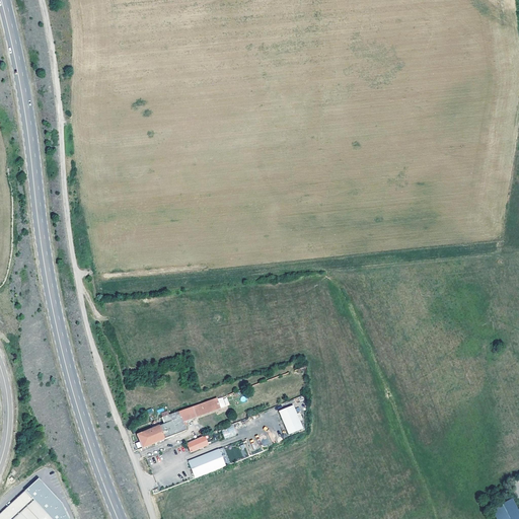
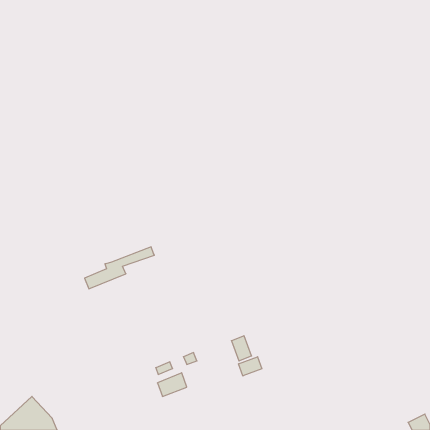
building: [137,397,221,448] -> [85,247,154,289]
building: none -> [239,357,262,376]

